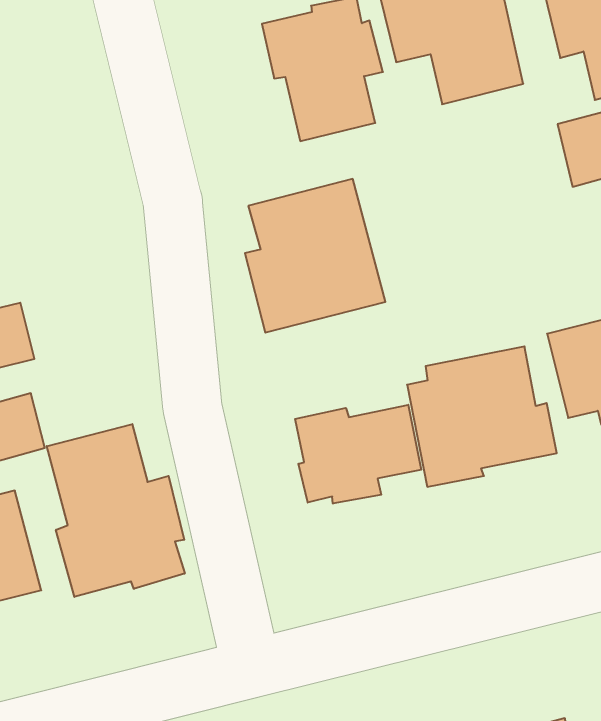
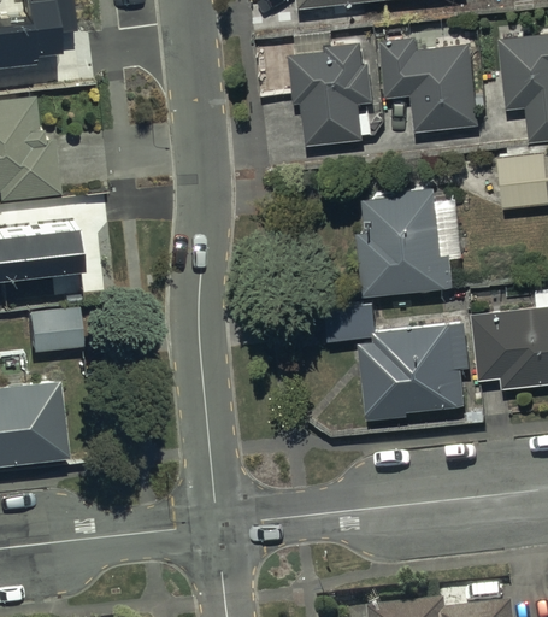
building: [245,179,385,333] -> [355,187,455,293]
building: [295,405,421,504] -> none
building: [47,424,185,597] -> none

